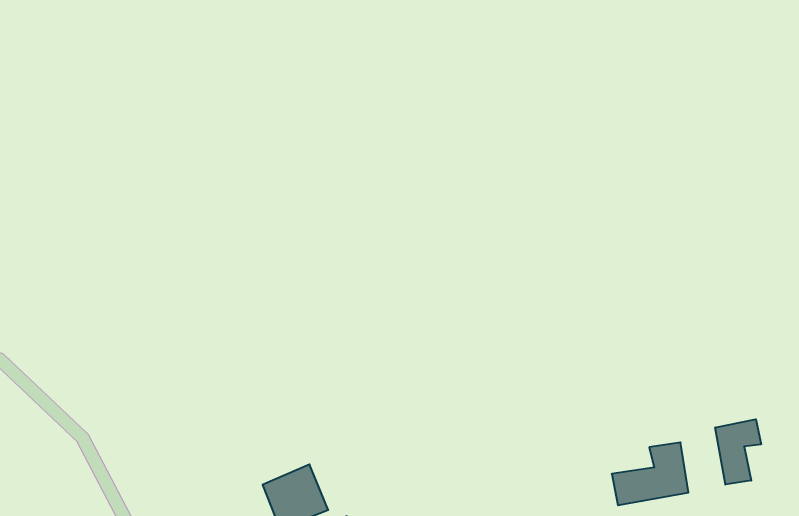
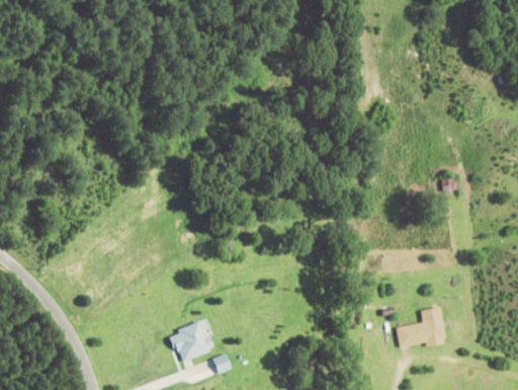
building: [715,419,761,485] -> none

